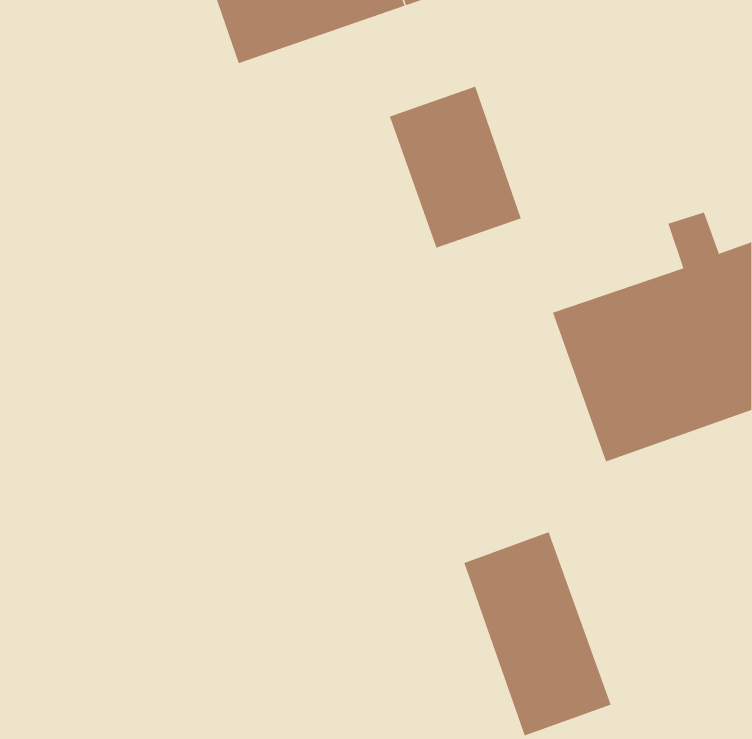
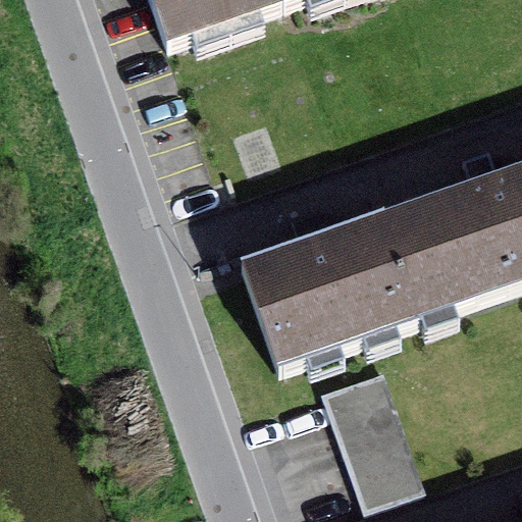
building: [389,86,522,248] -> none
building: none -> [242,205,417,367]

